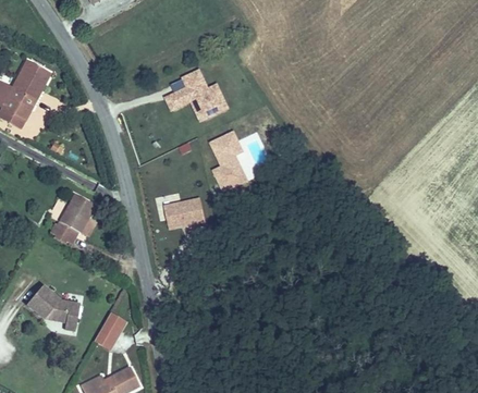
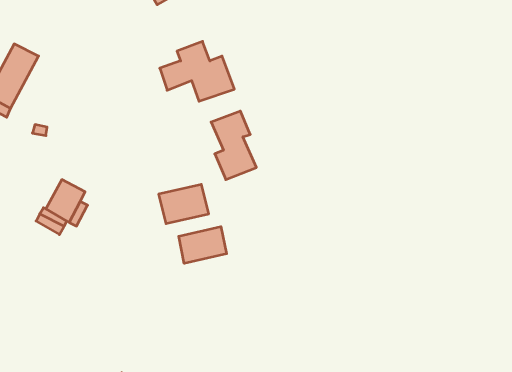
building: none -> [179,227,227,263]
building: [26,283,81,322] -> none
building: [91,311,126,352] -> none

